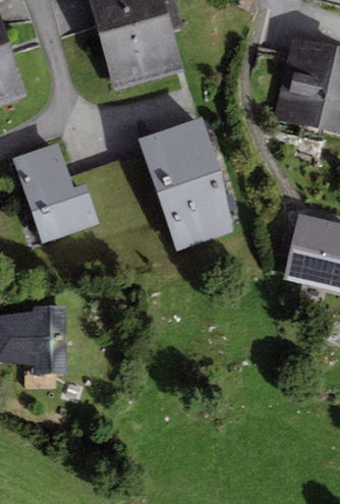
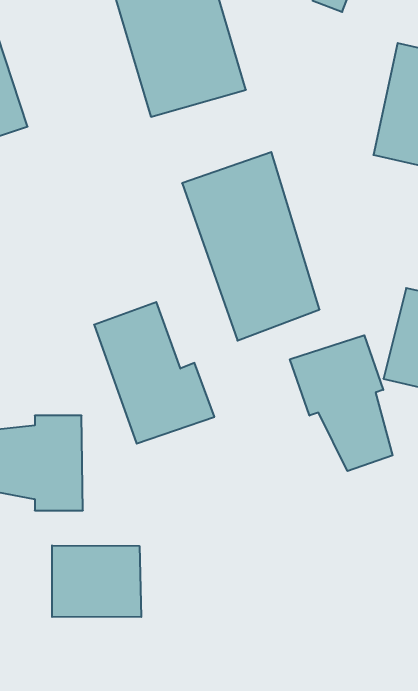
building: [12,142,99,243] -> [94,302,214,444]
building: none -> [290,335,393,471]
building: none -> [52,545,141,617]

